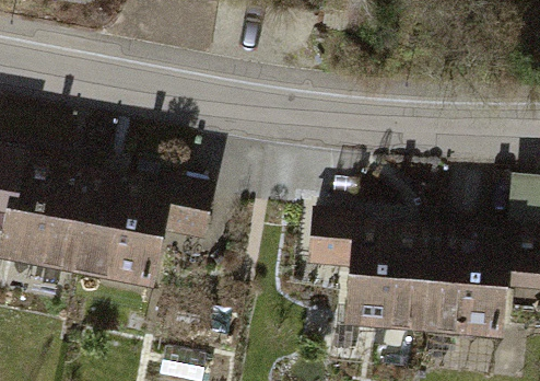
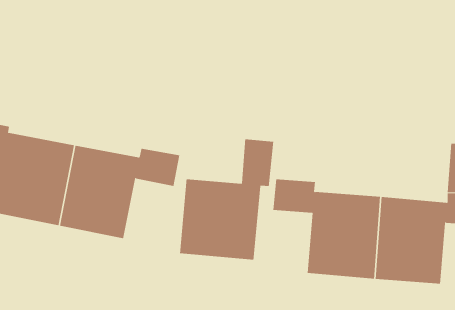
building: none -> [180,138,274,260]

